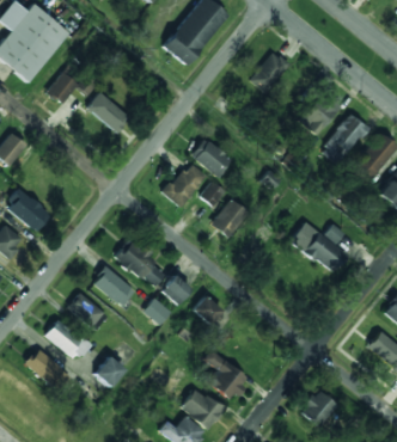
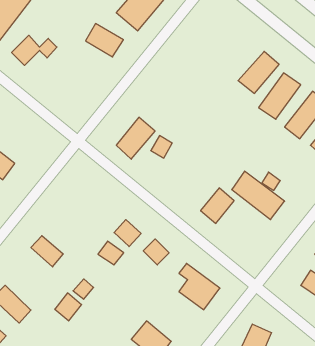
building: [250,50,291,93] -> none
building: [84,99,126,136] -> [86,24,123,57]
building: [190,137,232,177] -> none
building: [210,198,248,238] -> [201,188,234,223]
building: [117,239,164,288] -> none
building: [92,266,135,307] -> none
building: [44,320,91,360] -> none
building: [203,350,249,401] -> [179,263,220,310]

